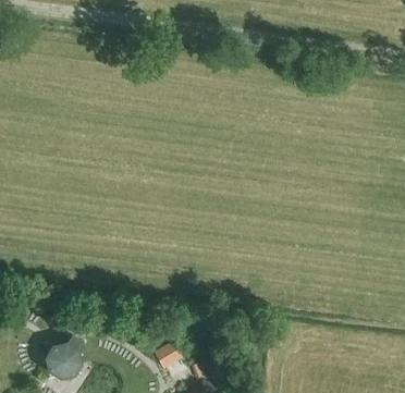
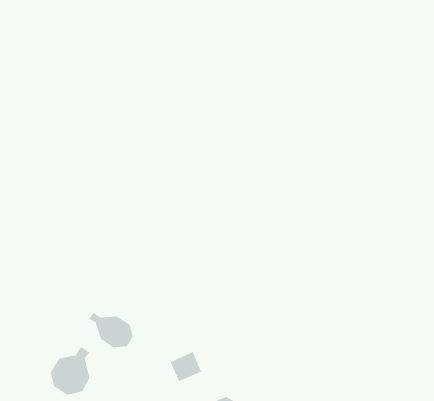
building: none -> [89,312,134,348]

